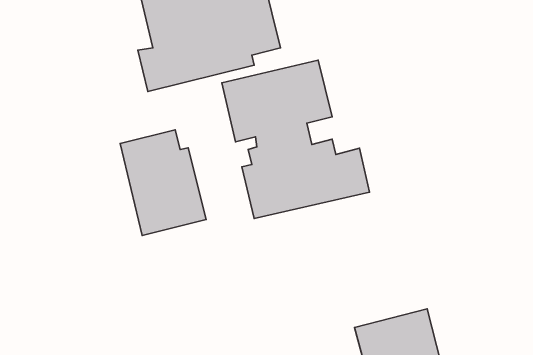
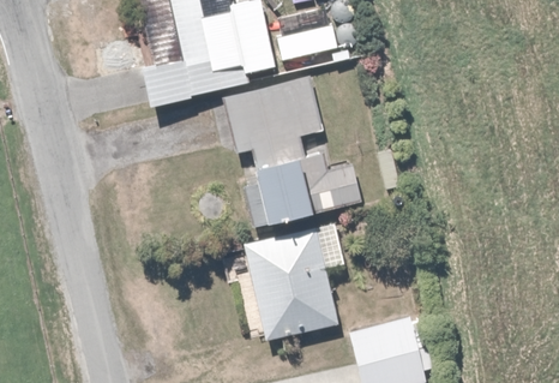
building: [120,130,206,235] -> none
building: none -> [227,222,348,341]

